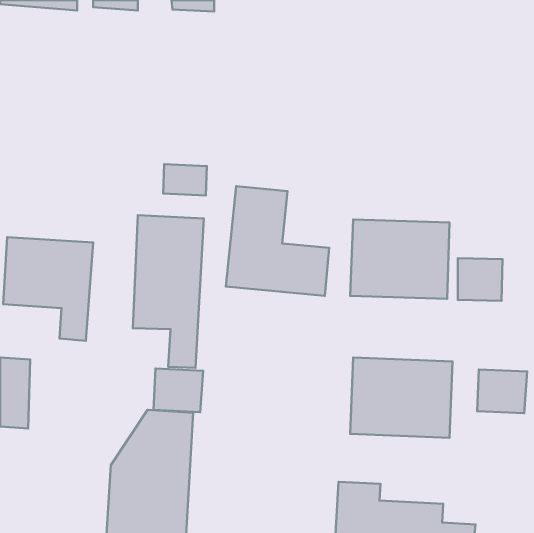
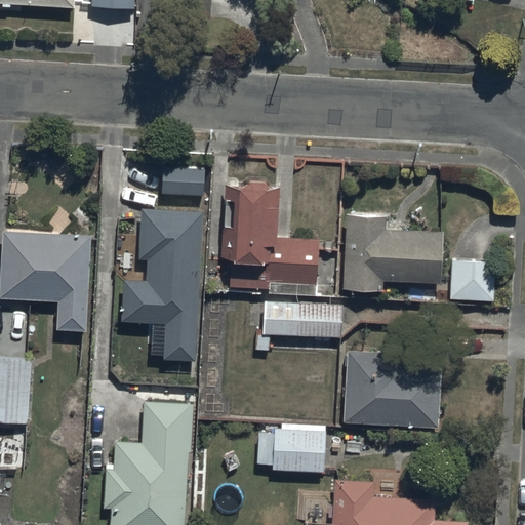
building: none -> [254,295,342,348]
building: [154,368,203,412] -> none
building: [477,370,527,413] -> none
building: none -> [256,425,324,468]

